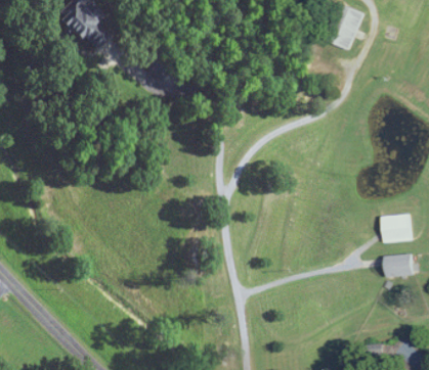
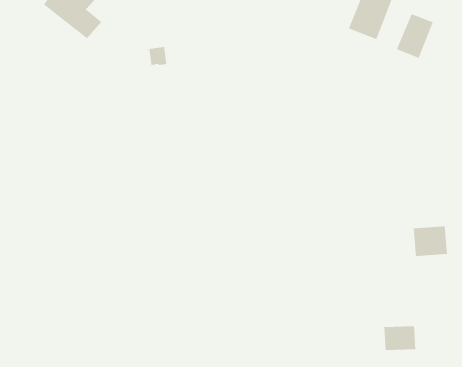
building: none -> [396,13,434,59]
building: [384,253,413,276] -> [384,325,416,351]

